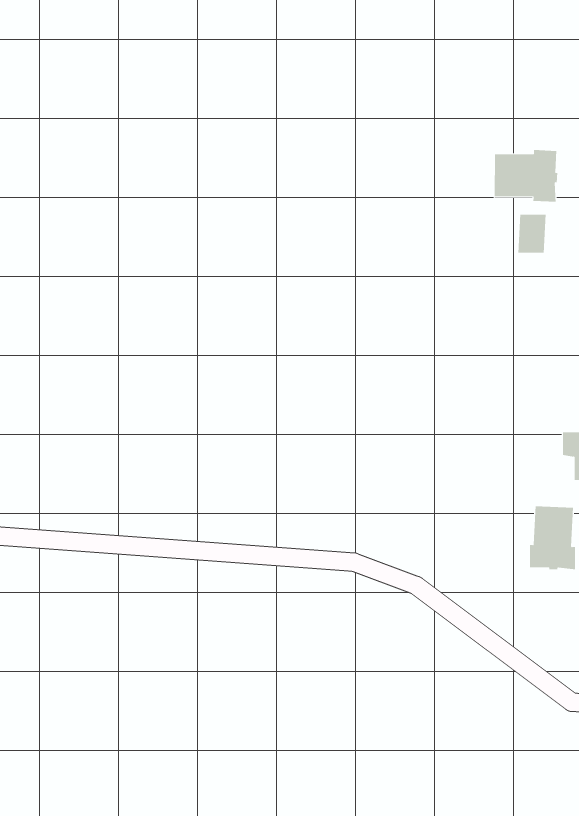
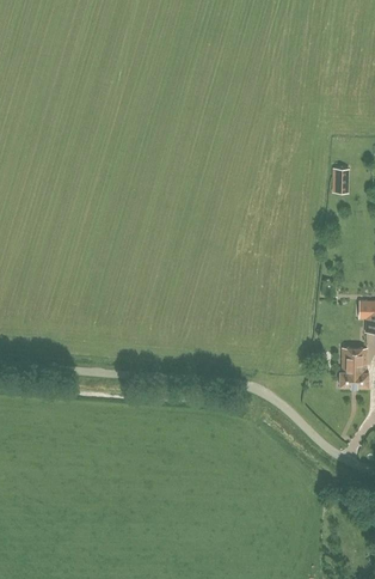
building: [494,149,558,203] -> none

